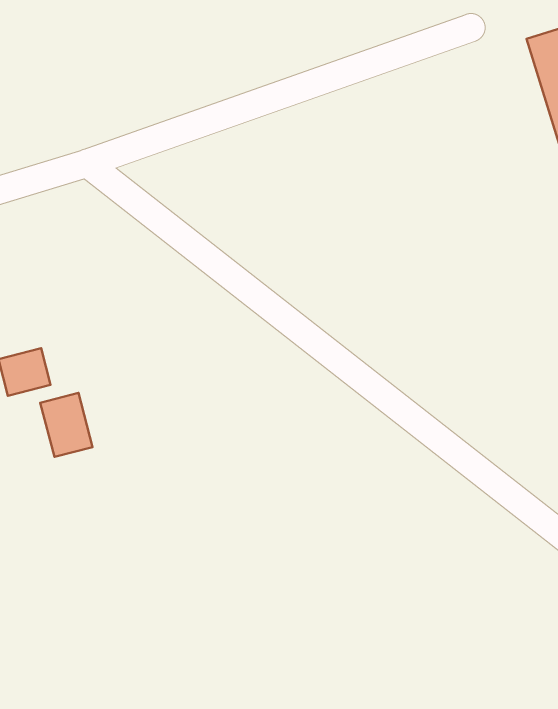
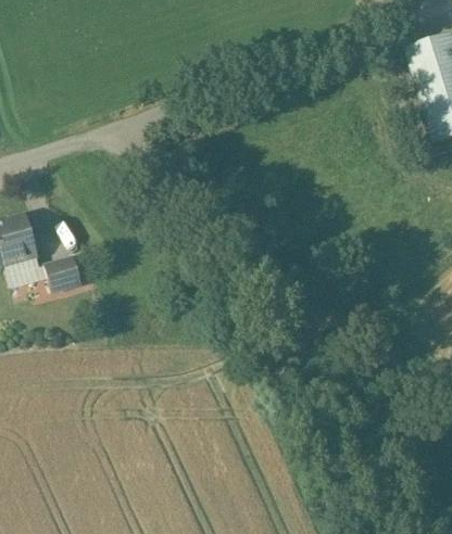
building: [40,393,93,457] -> none

